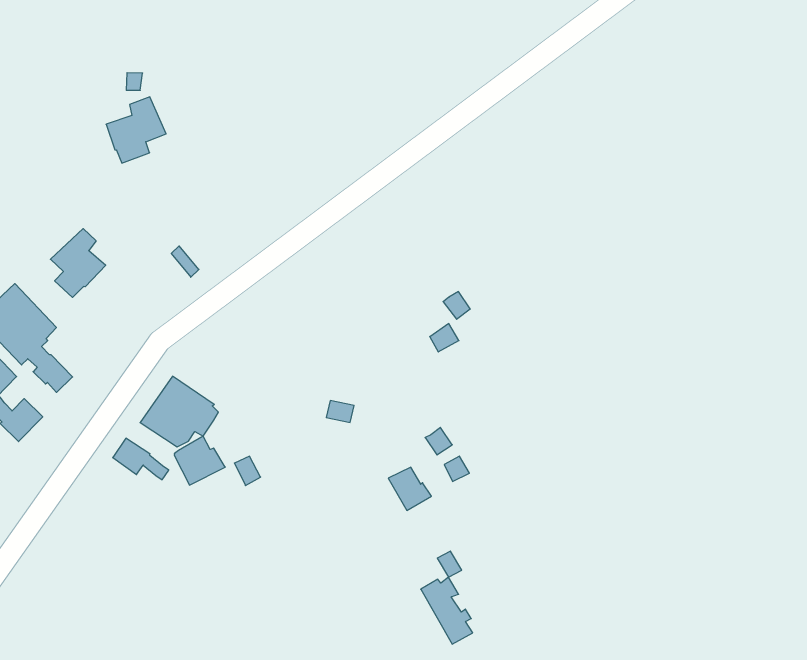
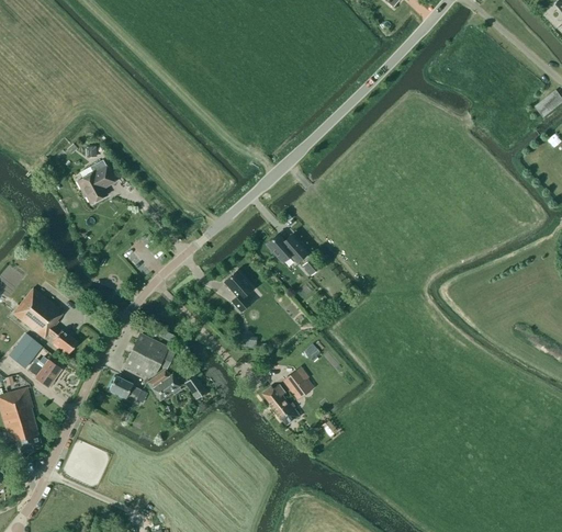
building: [50,229,106,297] -> none
building: none -> [265,231,307,263]
building: none -> [223,270,252,310]
building: [421,577,473,644] -> [261,383,297,425]

